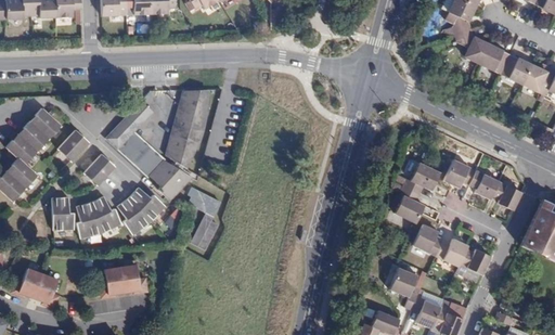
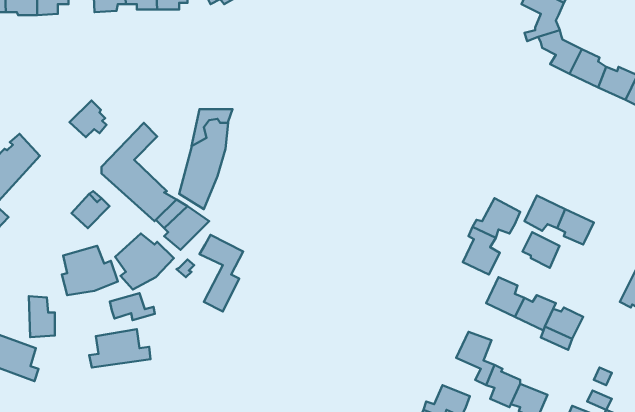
building: [57,132,87,162] -> [70,100,106,137]
building: [491,181,520,209] -> [523,232,559,268]
building: [52,197,73,230] -> [29,296,55,337]
building: none -> [110,293,155,320]

